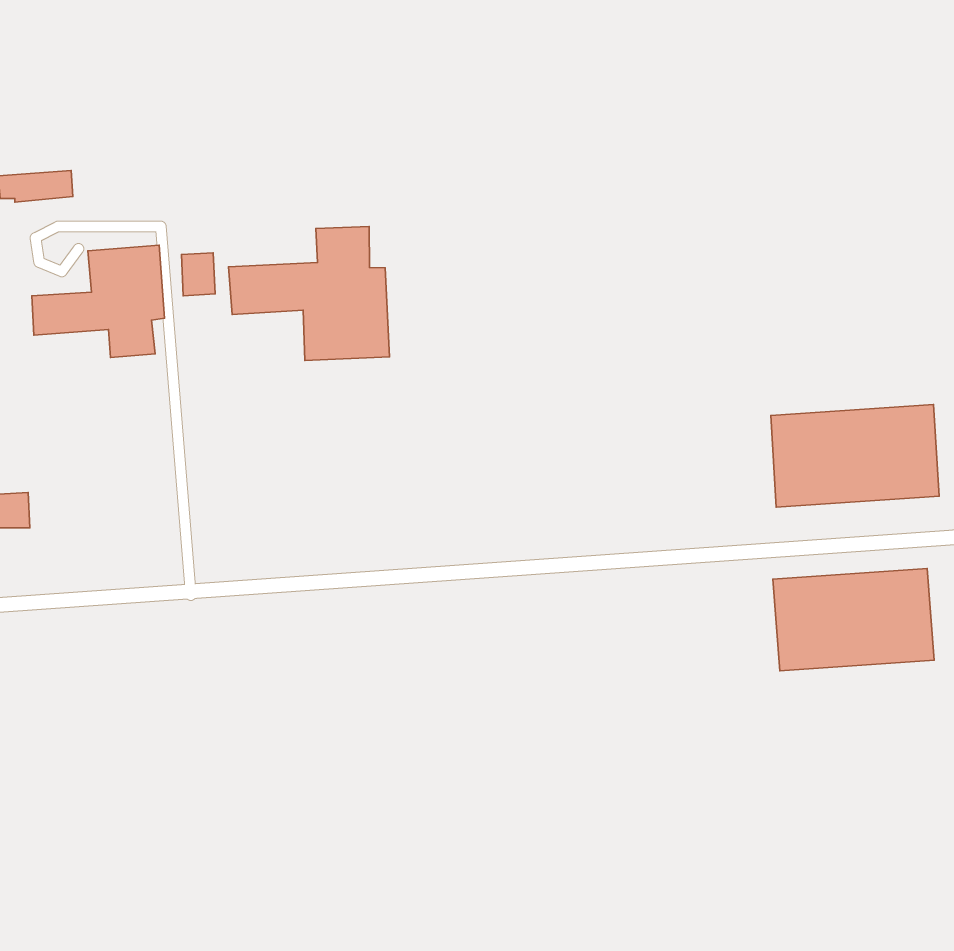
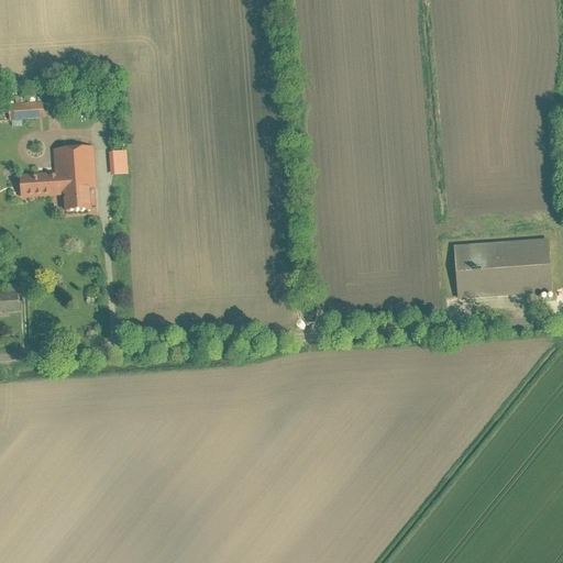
building: [229,226,389,360] -> none
building: [773,568,934,671] -> none

